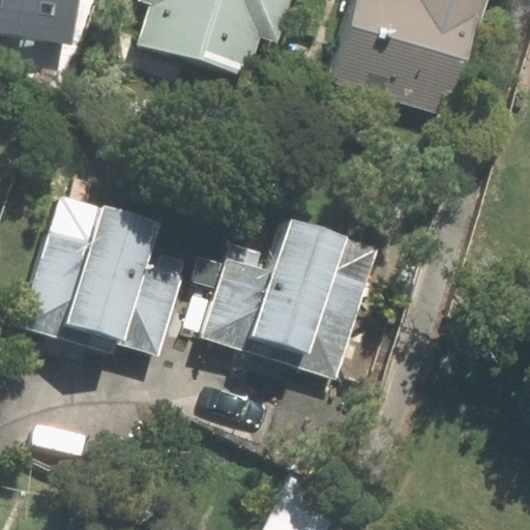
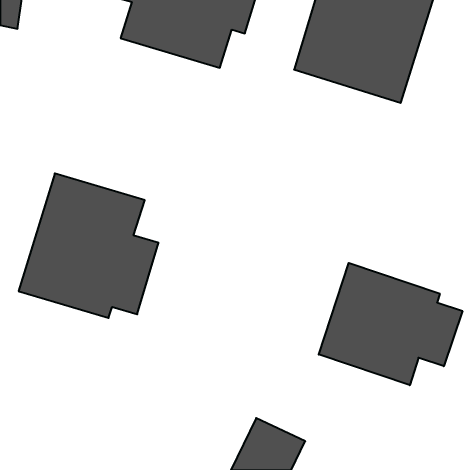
building: [200,217,380,380] -> none
building: none -> [319,263,462,385]

